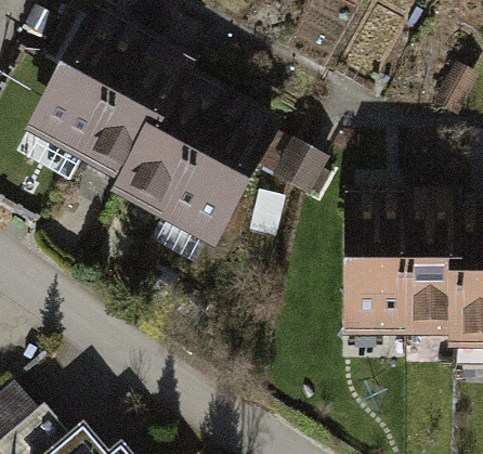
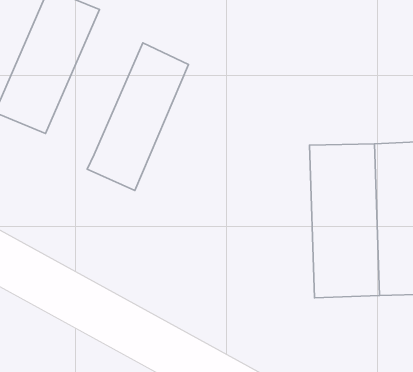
building: [87,39,200,186] -> none
building: [172,103,284,250] -> none

